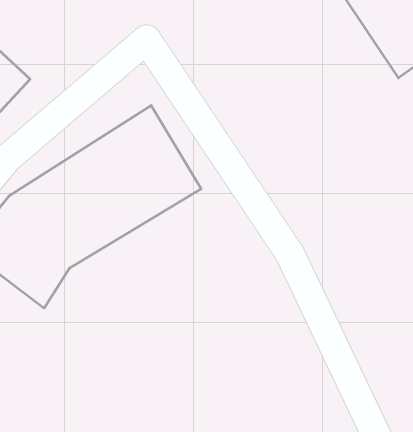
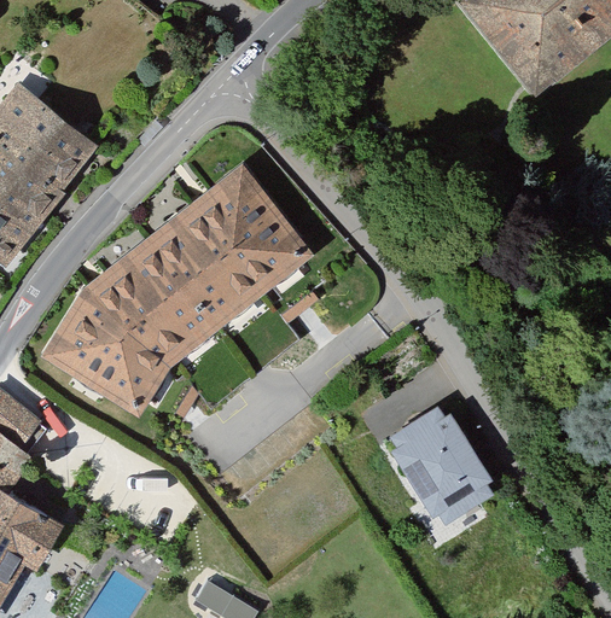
building: none -> [386,406,493,525]

